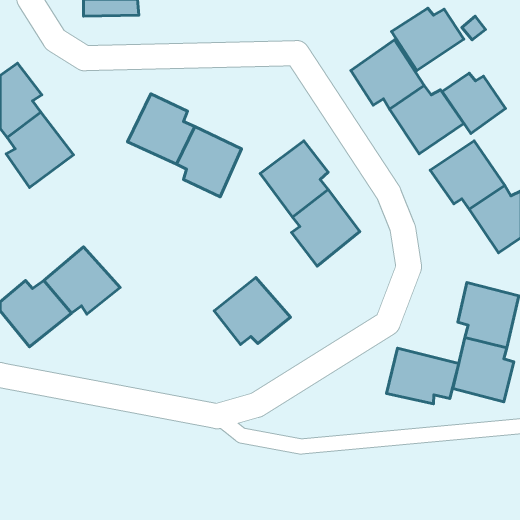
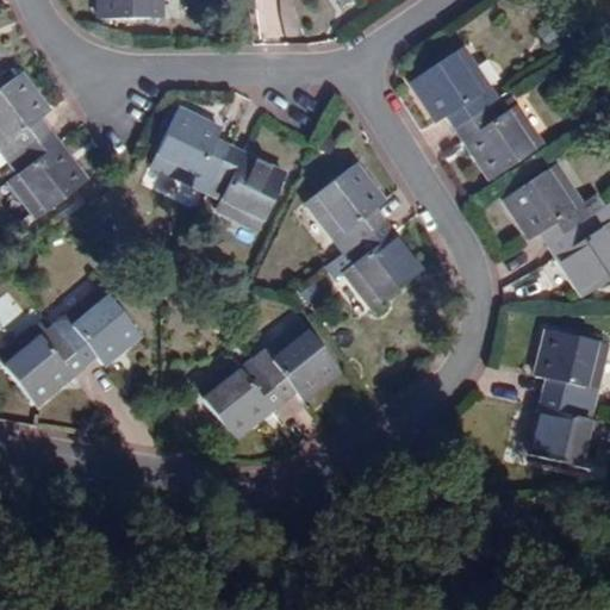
building: [391,8,464,71] -> none
building: [442,73,506,133] -> none
building: none -> [194,360,282,440]
building: [386,348,459,404] -> none

